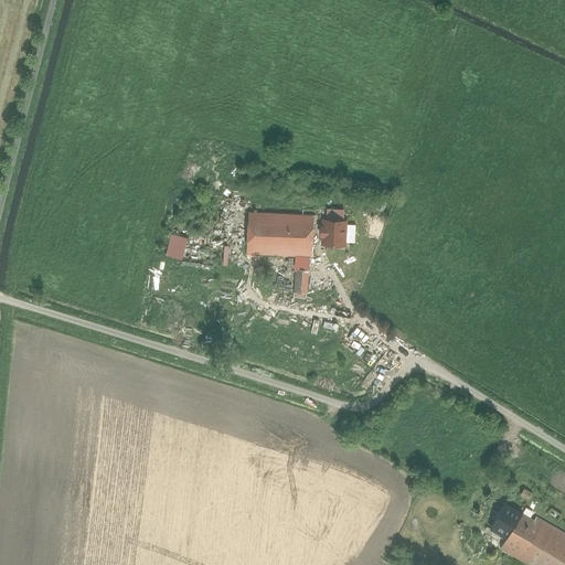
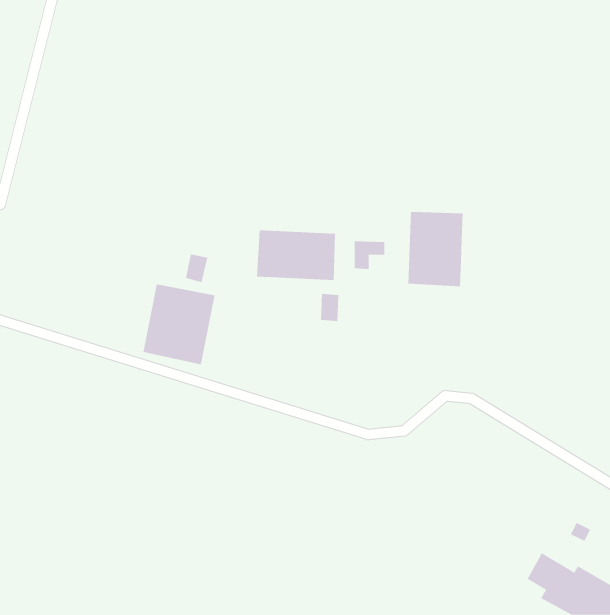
building: none -> [408,211,463,287]
building: none -> [143,283,215,365]

